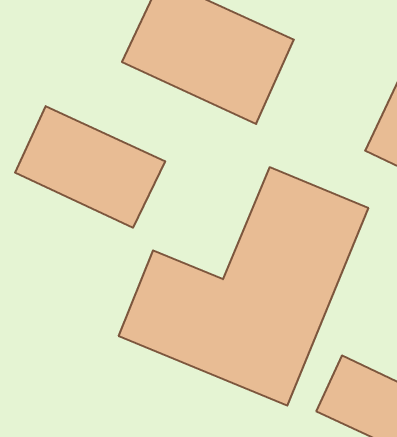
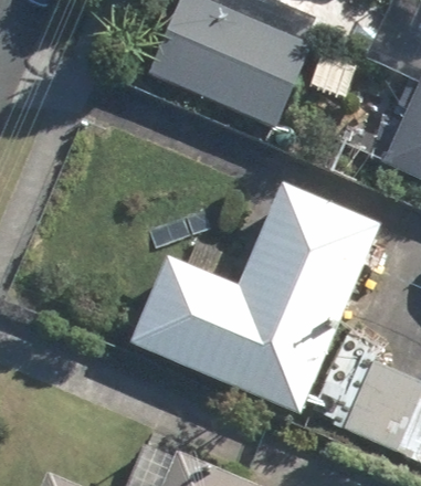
building: [15,106,165,228] -> none

